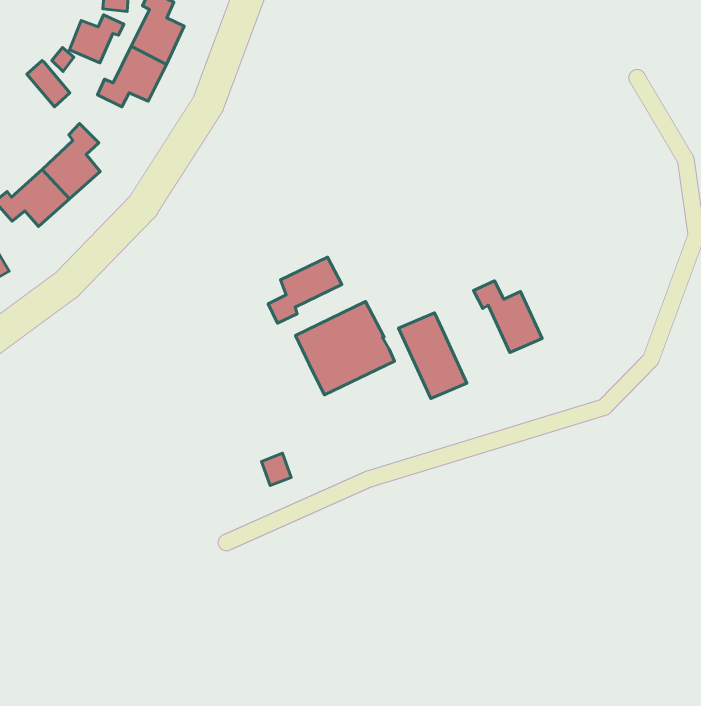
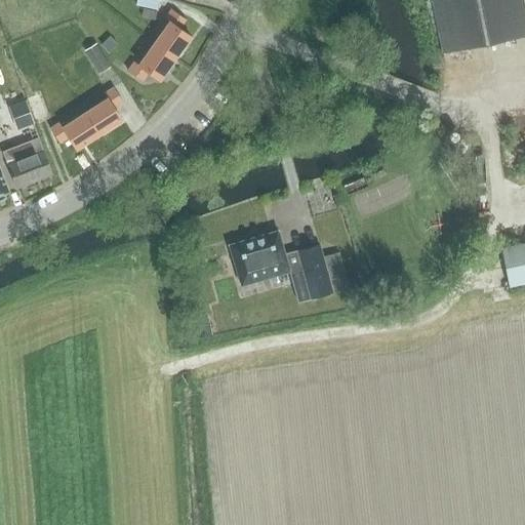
building: [70,15,124,63] -> none
building: [268,257,342,323] -> none
building: [473,281,542,352] -> none

